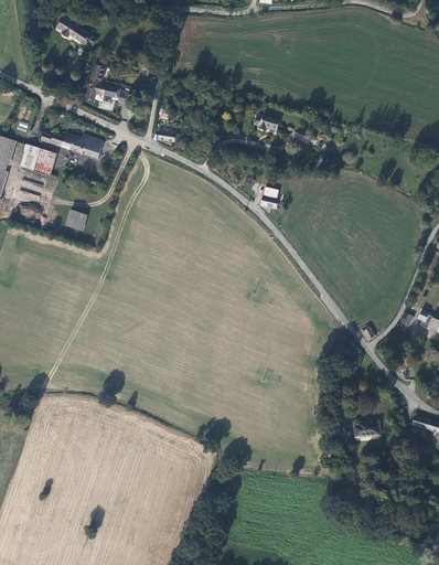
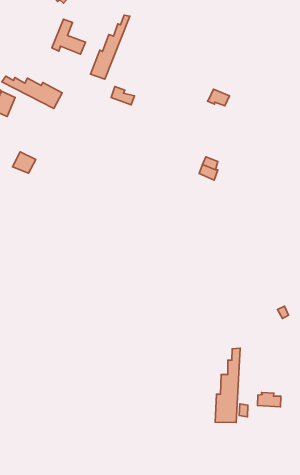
building: none -> [90,15,130,79]
building: none -> [215,348,240,423]

